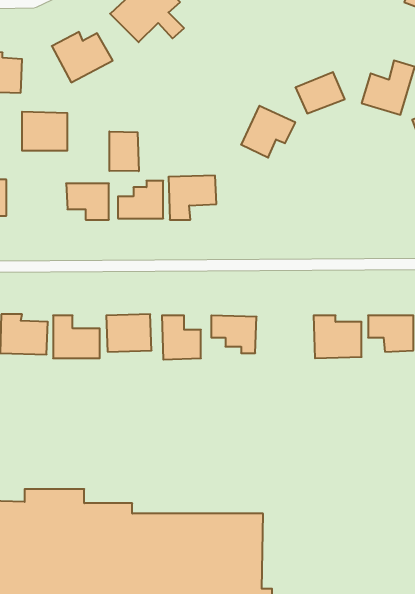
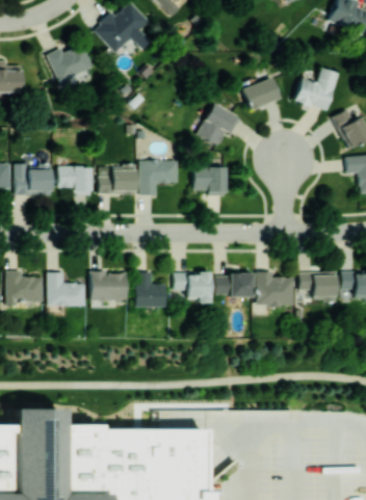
building: [22,112,67,151] -> [15,164,51,195]
building: [109,131,139,171] -> none
building: none -> [192,166,227,195]
building: none -> [215,274,253,296]

